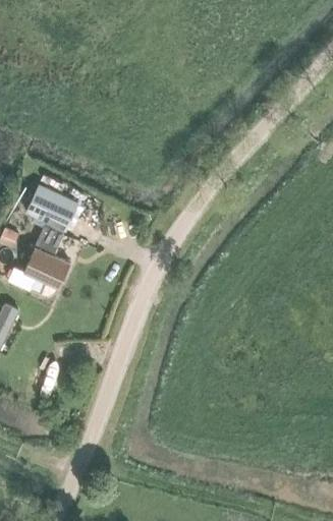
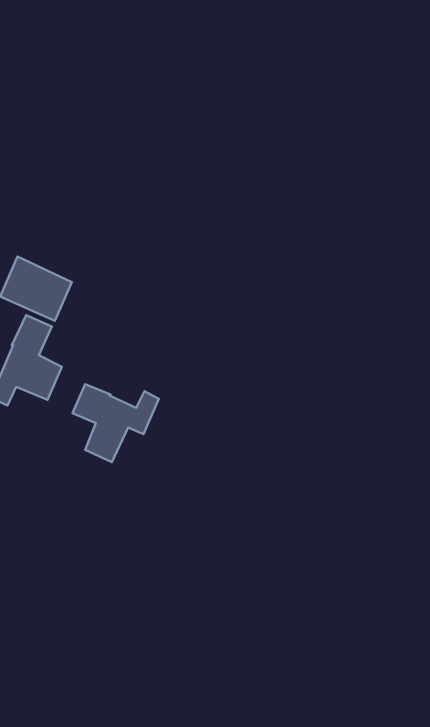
building: none -> [73,384,159,462]

